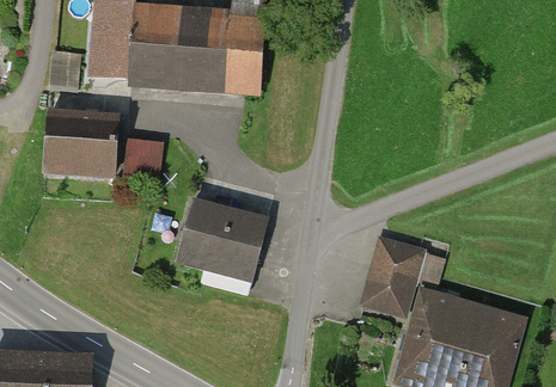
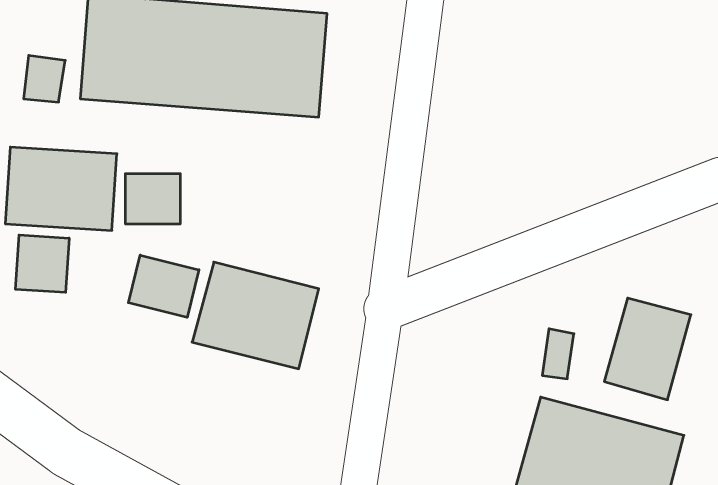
building: none -> [16,235,69,292]
building: none -> [128,255,199,317]
building: [363,245,426,318] -> [604,298,691,400]

